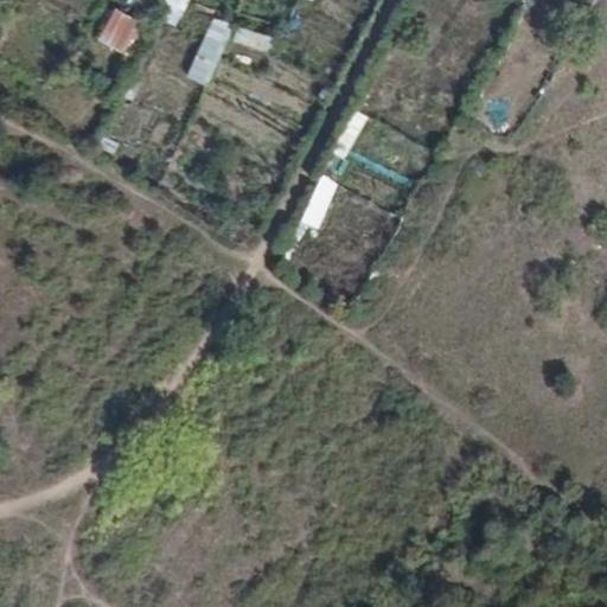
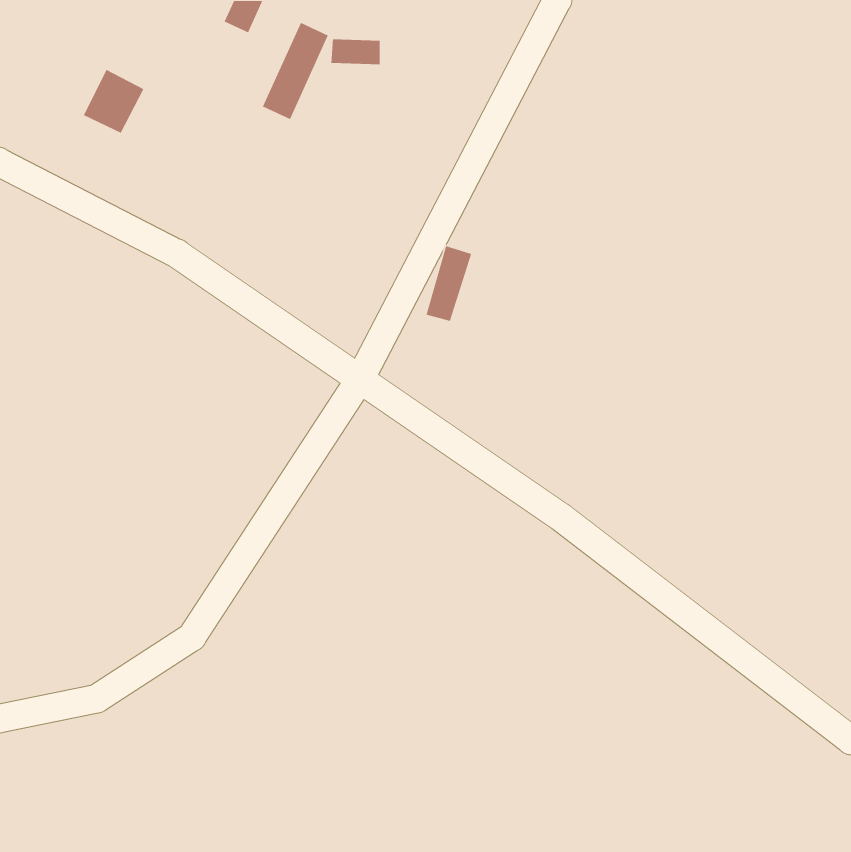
building: [97,6,141,52] -> [83,69,144,134]

